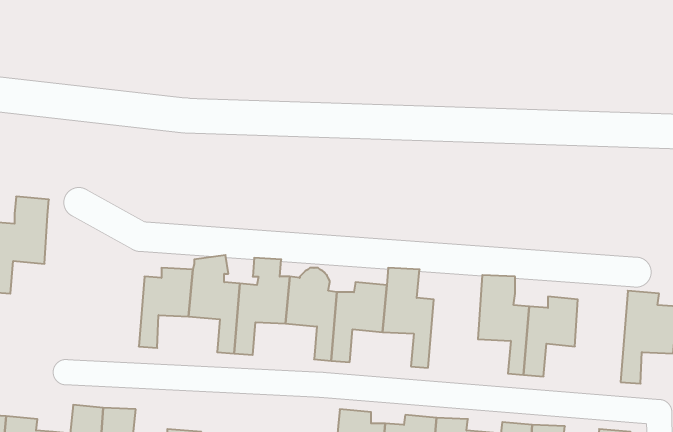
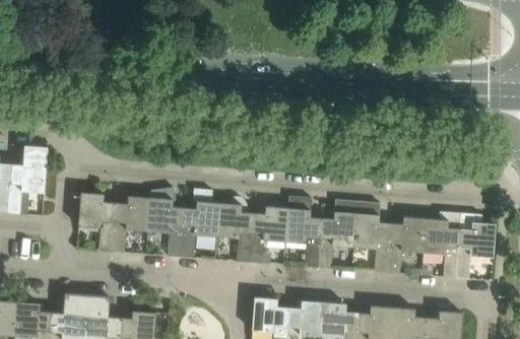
building: none -> [77,192,115,252]
building: none -> [317,199,355,268]
building: none -> [421,211,459,277]

